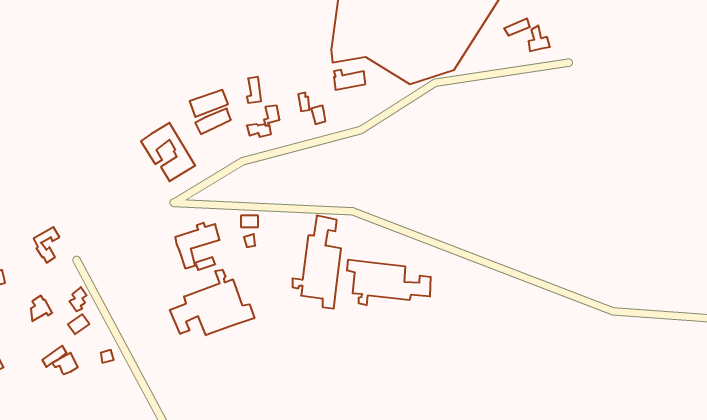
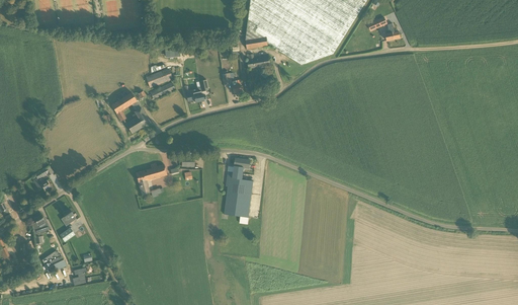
building: [347,260,431,305] -> none
building: [170,270,254,335] -> none

